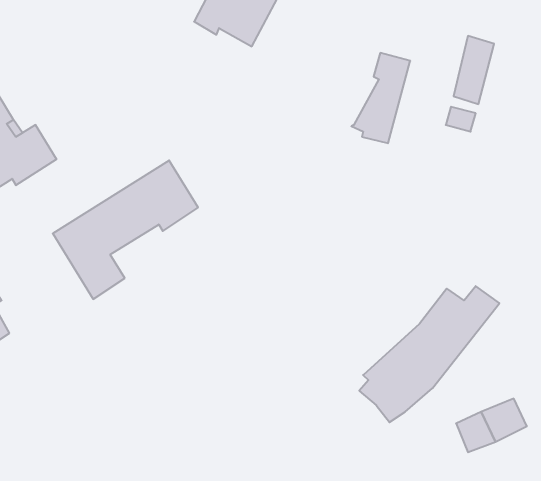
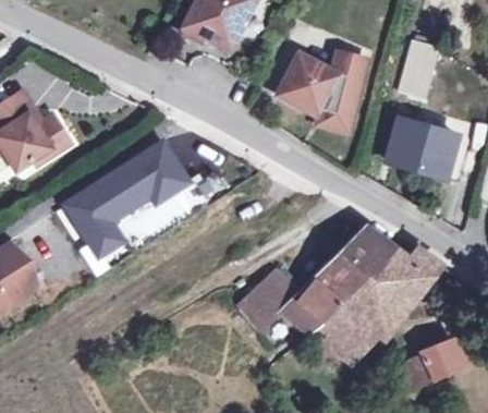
building: none -> [279,54,338,113]
building: none -> [387,119,456,175]
building: none -> [240,228,394,331]

